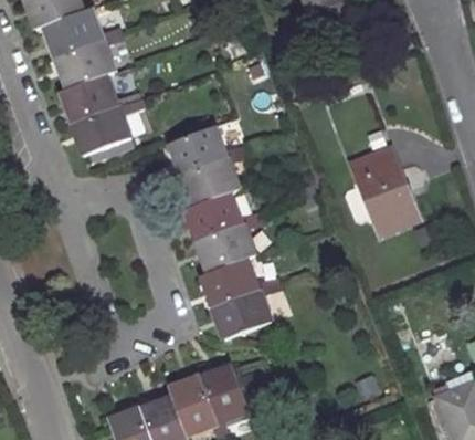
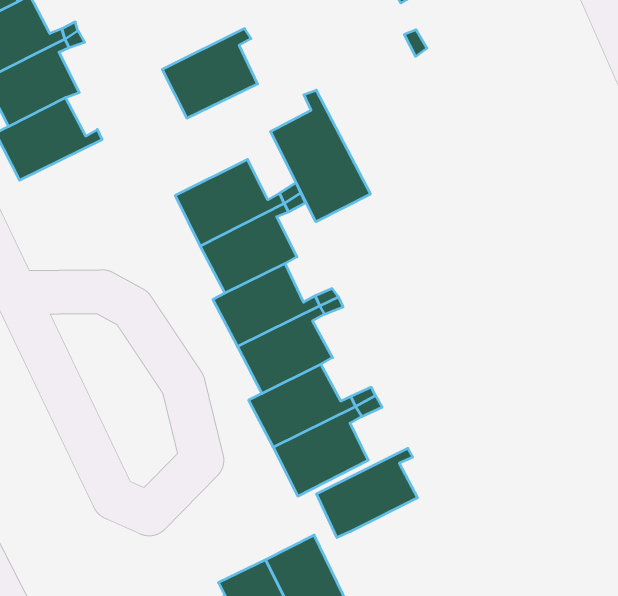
building: none -> [270,90,370,222]
building: [71,103,129,155] -> [162,29,258,118]
building: [350,146,420,234] -> none
building: none -> [317,448,417,538]

